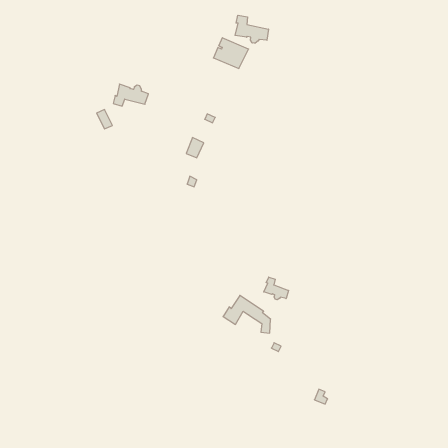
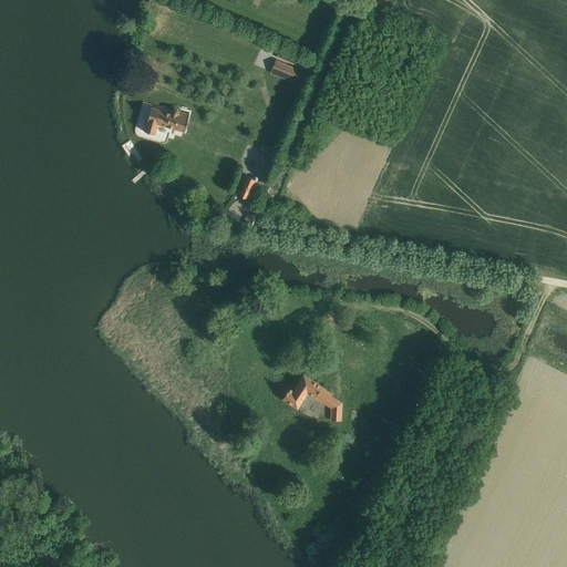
building: [235,15,268,43] -> none
building: [264,277,289,300] -> none

